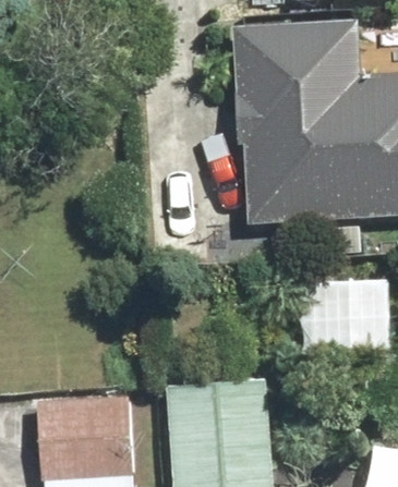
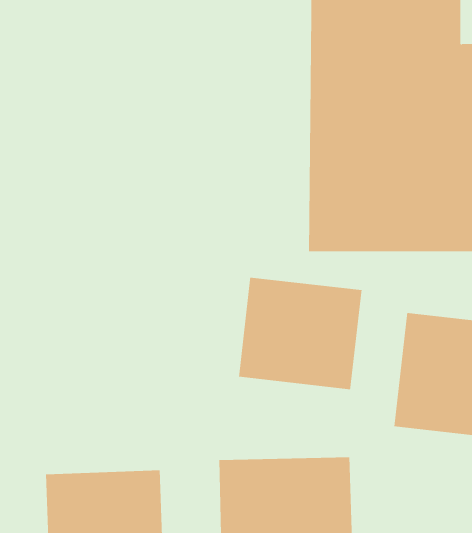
building: none -> [239,277,362,390]

